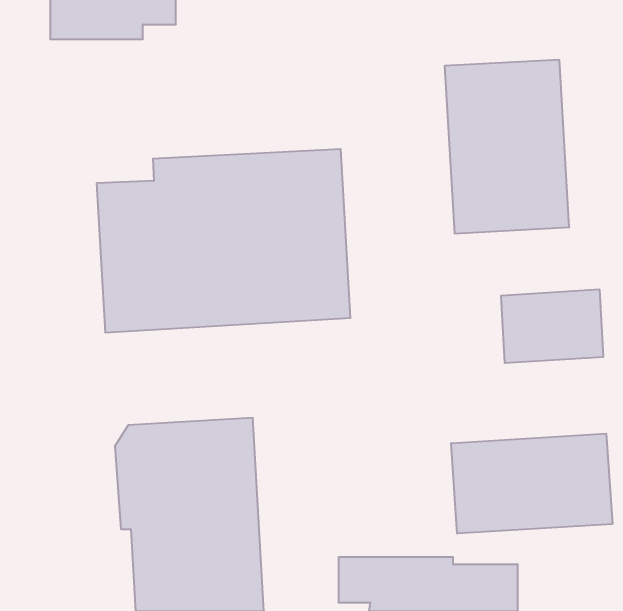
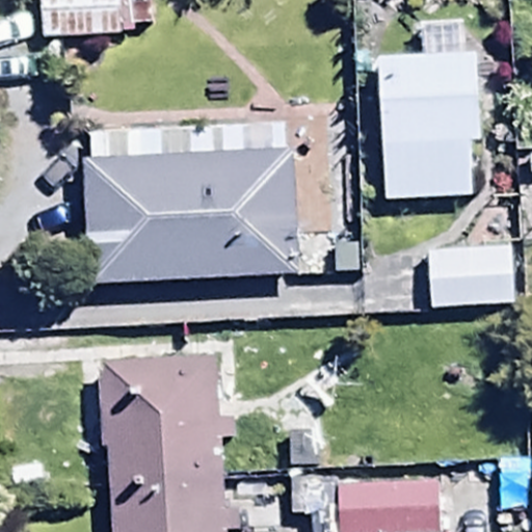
building: [451,434,612,534] -> none

